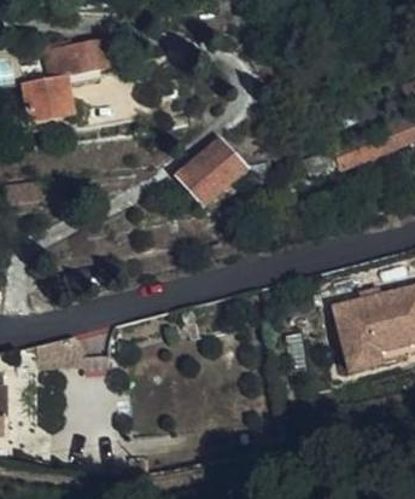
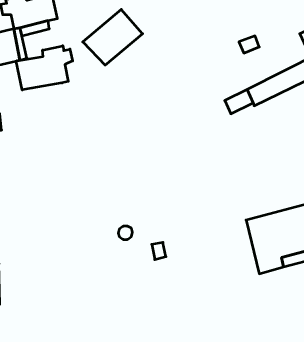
building: none -> [16,46,73,90]
building: [173,139,244,205] -> [83,9,143,65]

